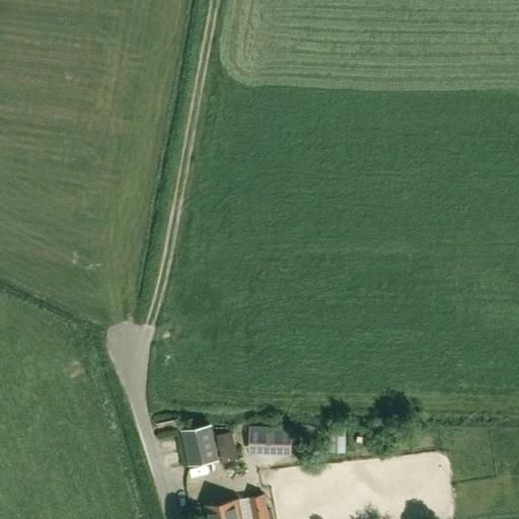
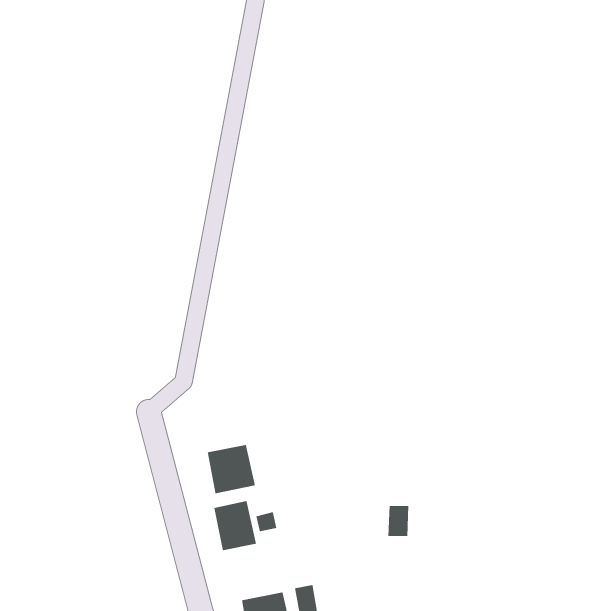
building: none -> [207,444,255,494]
building: [249,427,293,456] -> none

